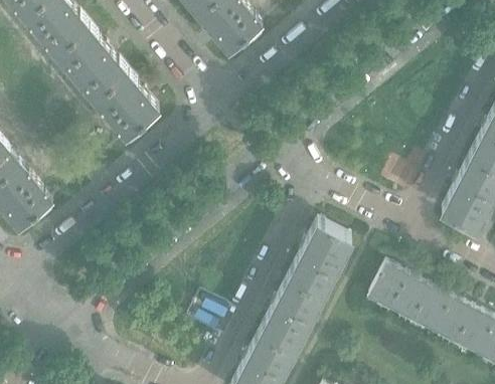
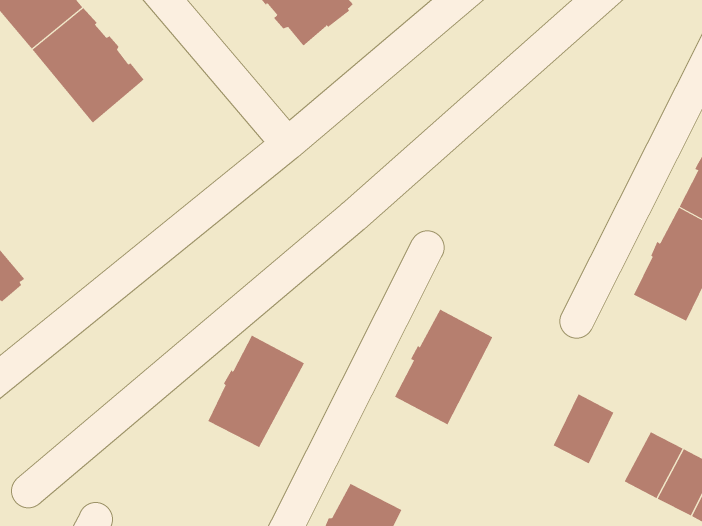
building: [96,74,159,140] -> none
building: [369,264,406,309] -> none
building: [261,277,323,350] -> [208,335,305,448]
building: [414,287,453,332] -> none

